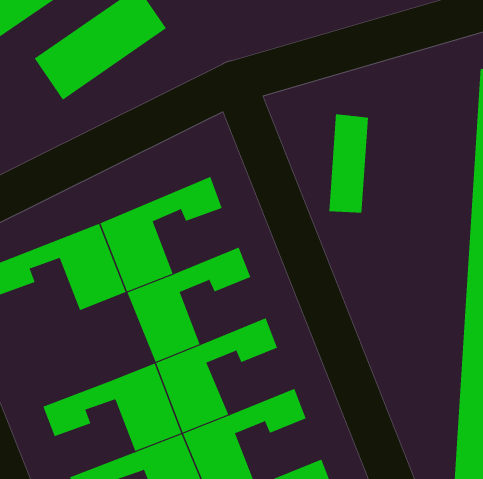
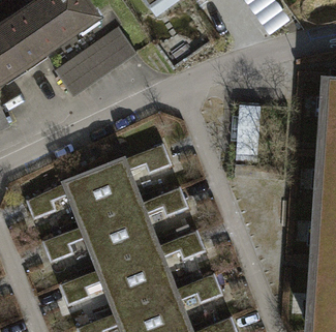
building: none -> [43,215,130,270]

